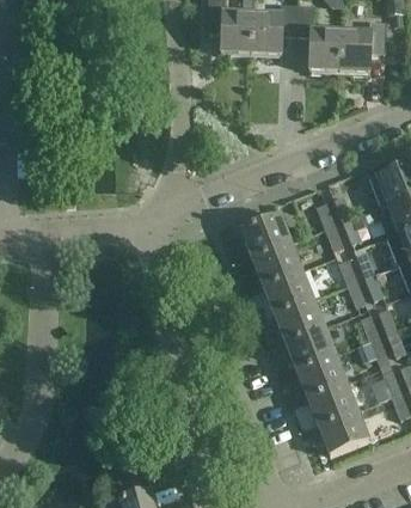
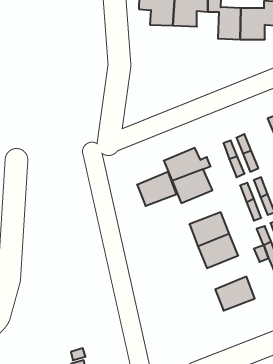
building: [260,267,312,311] -> [137,172,177,206]
building: [294,351,345,396] -> none
building: [315,408,368,454] -> none

